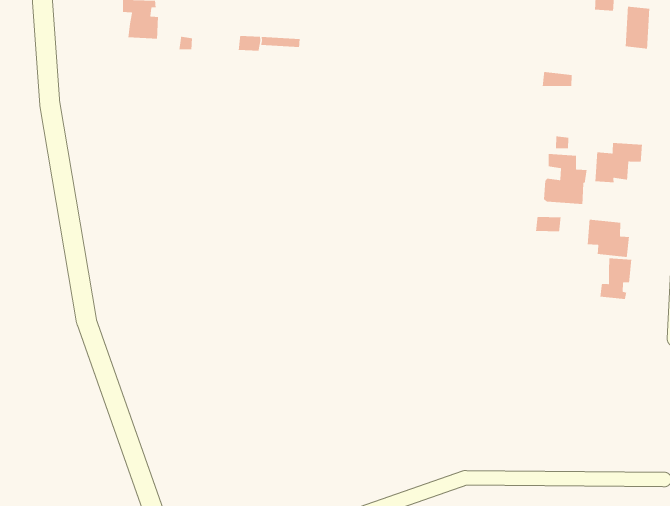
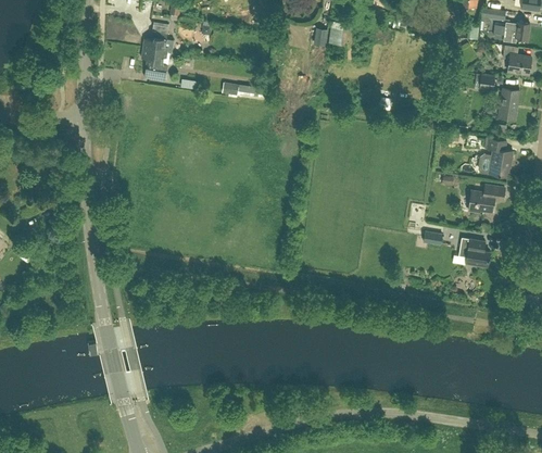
building: [543,153,587,205] -> [479,137,513,176]
building: [599,257,632,300] -> none

